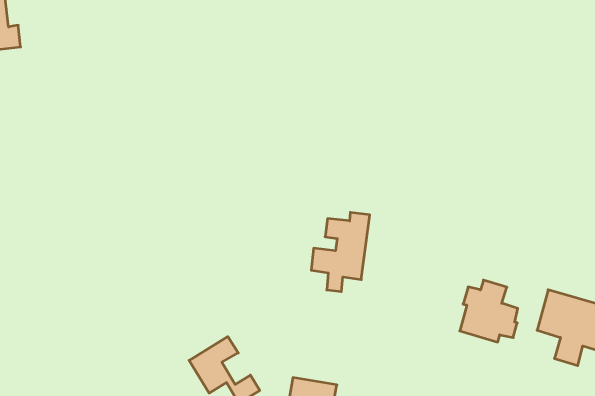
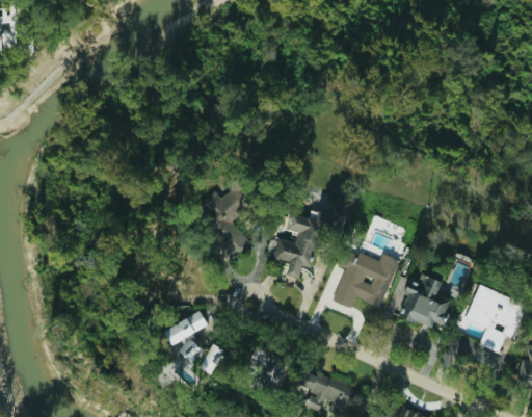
building: none -> [192,180,254,258]
building: none -> [331,247,398,308]

